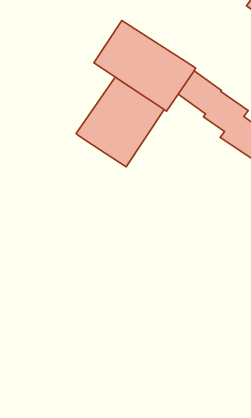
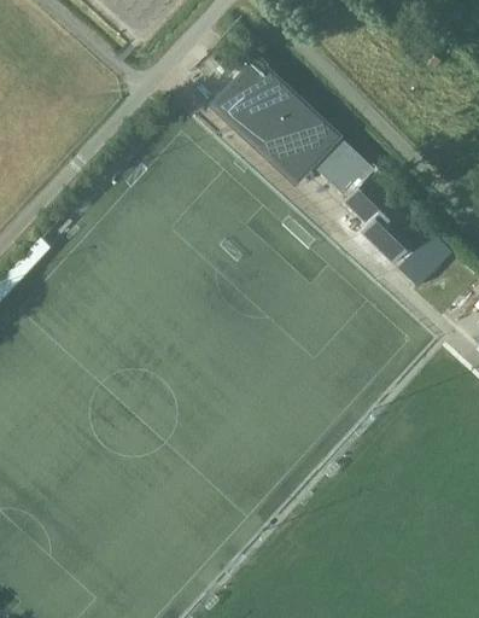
building: [76,77,164,167] -> none

